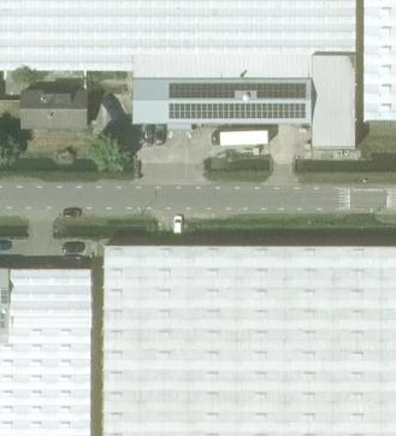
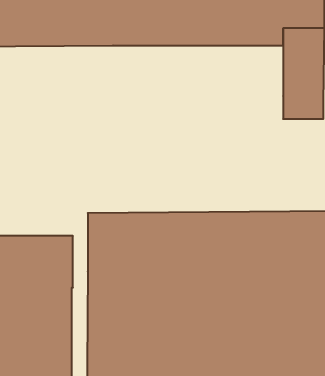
building: [132,71,311,124] -> none
building: [22,90,83,129] -> none

